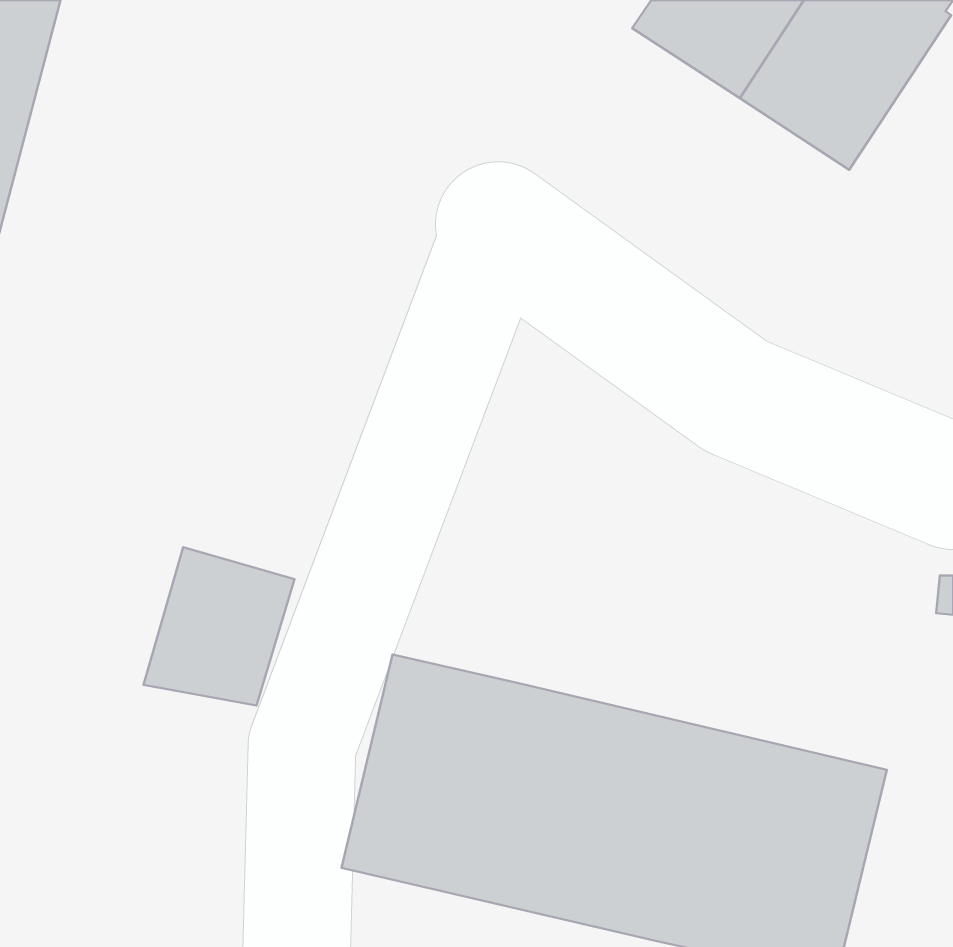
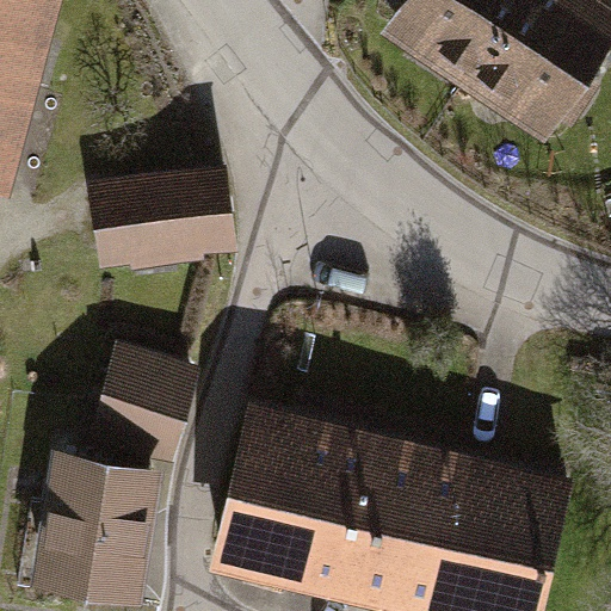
building: none -> [88,179,227,267]
building: none -> [37,461,146,594]

